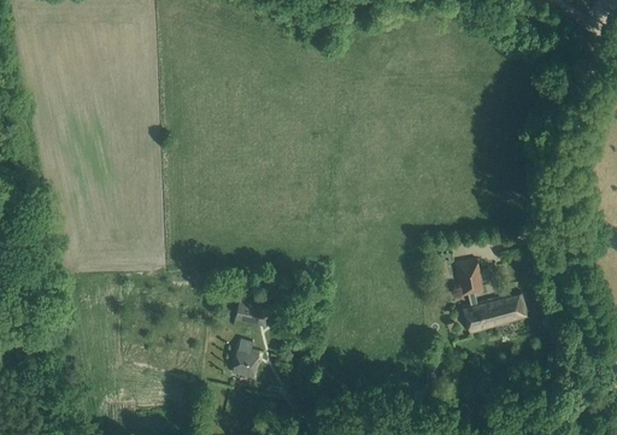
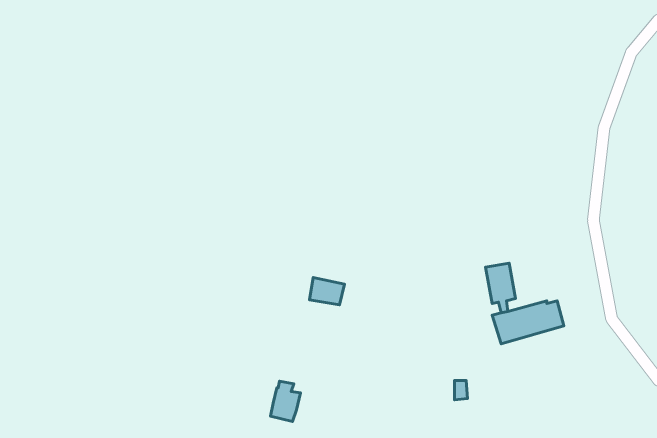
building: [237,299,270,324] -> [309,278,345,305]
building: [234,340,262,377] -> [270,381,300,422]

